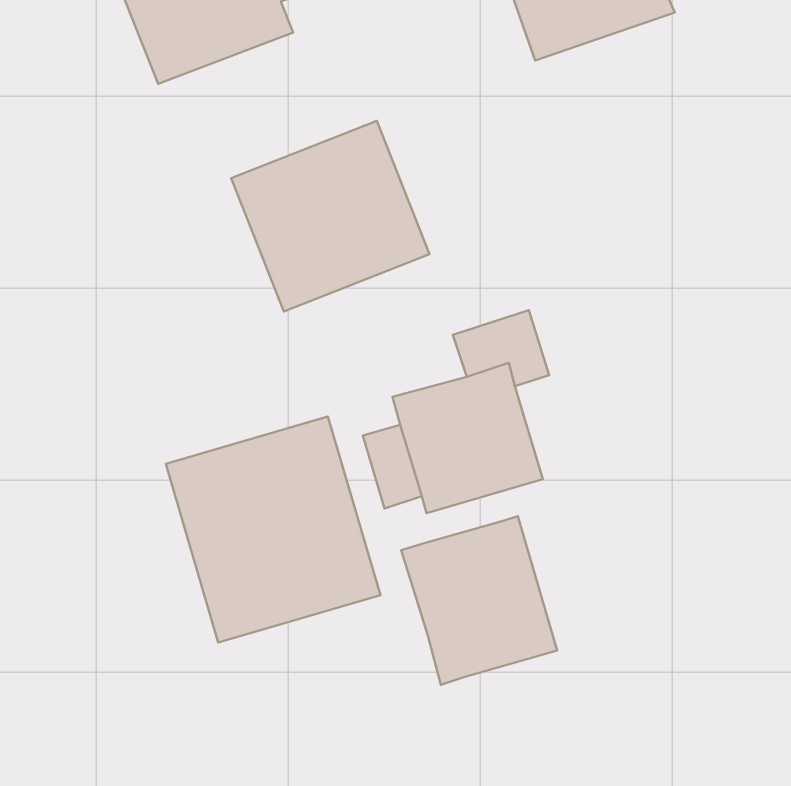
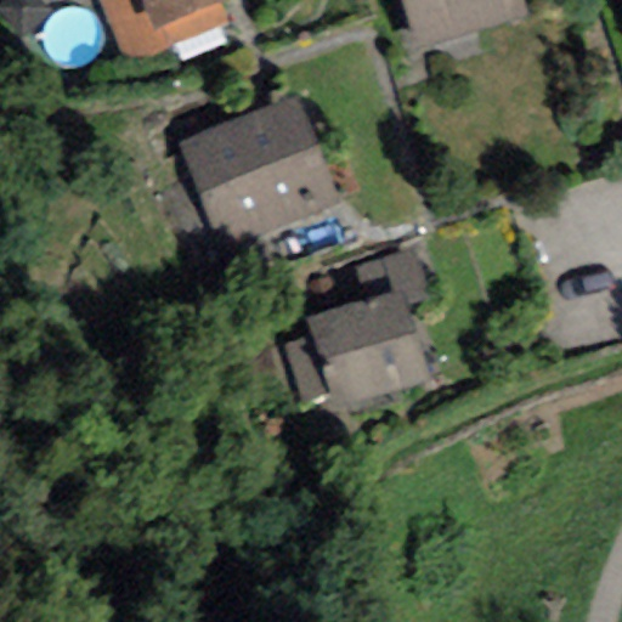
building: [166,417,380,642] -> none
building: [401,516,557,685] -> none

